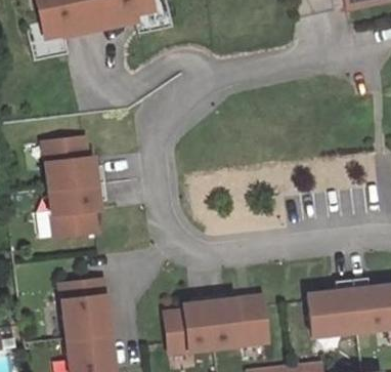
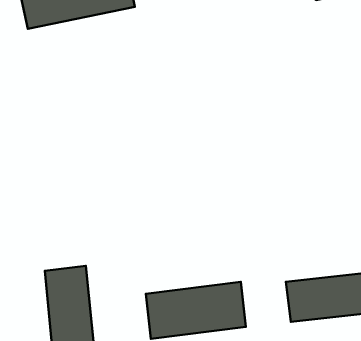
building: [43,135,98,235] -> none

